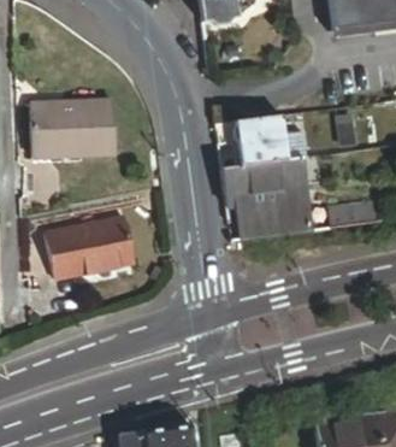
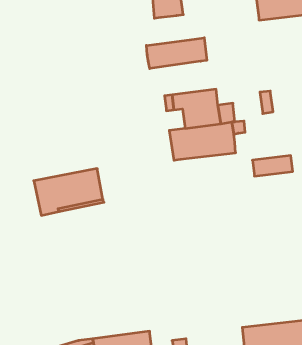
building: none -> [146,38,207,69]
building: [30,100,116,158] -> none
building: [234,198,309,239] -> none

